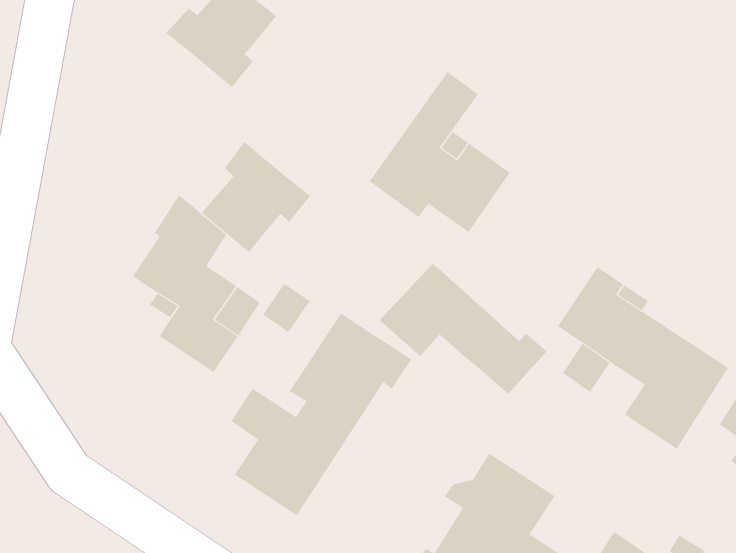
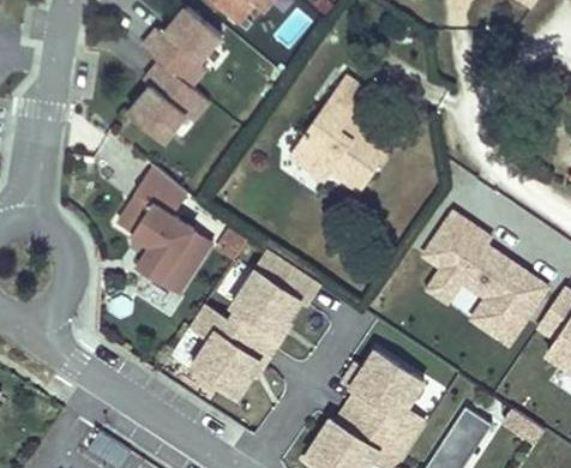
building: [201,141,311,253] -> [130,61,209,142]
building: [379,263,547,395] -> none

